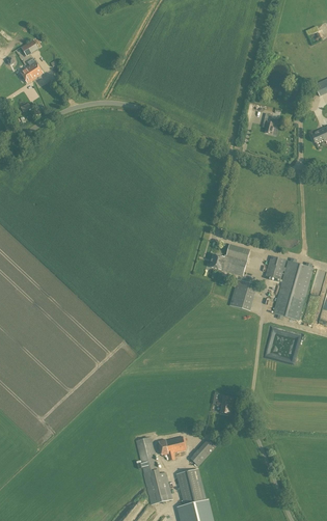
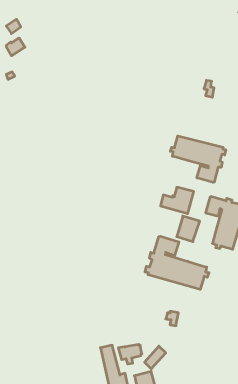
building: none -> [170,136,226,182]
building: none -> [145,236,209,289]

